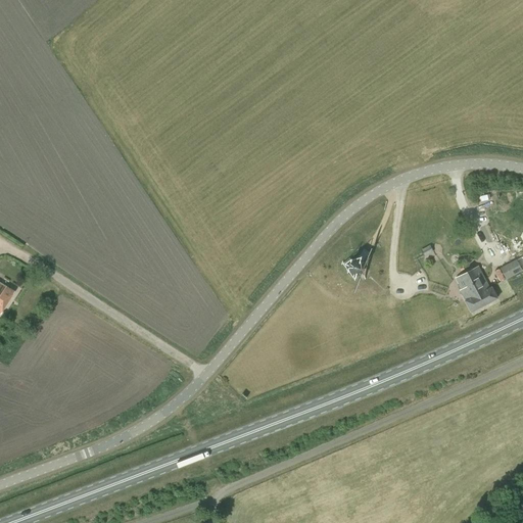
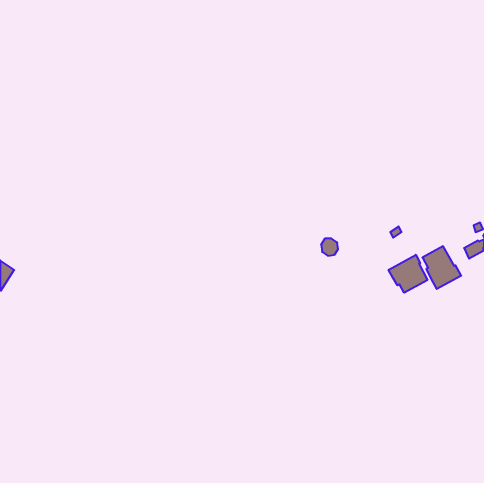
building: none -> [389,255,427,293]

